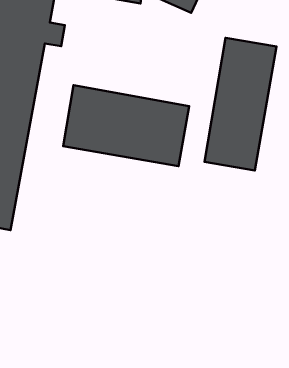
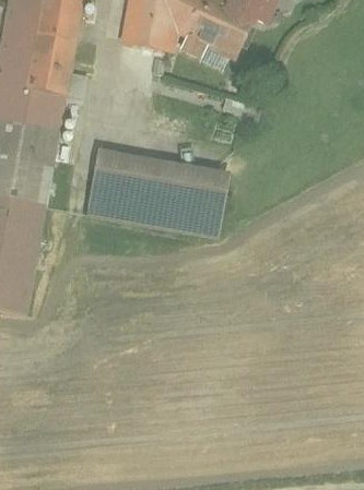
building: [205,38,276,171] -> none

